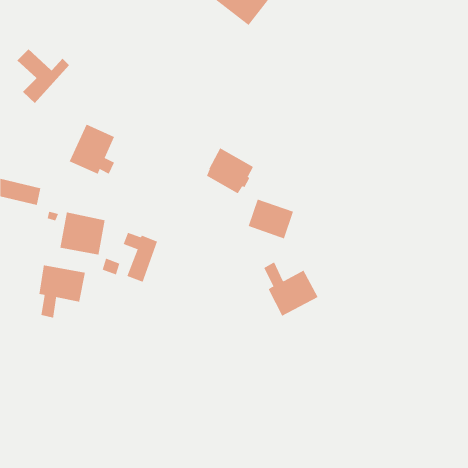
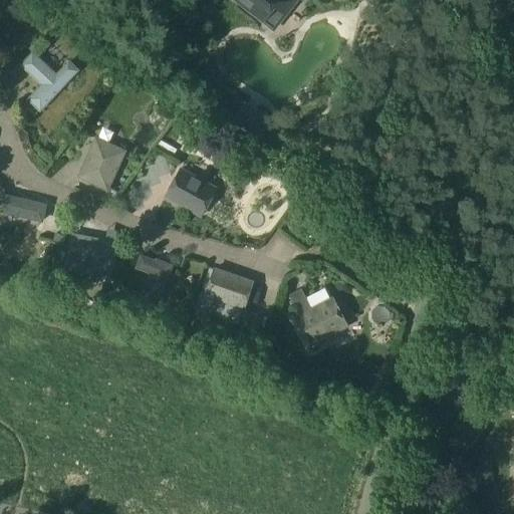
building: [206,147,254,194] -> [165,166,217,217]
building: [248,199,294,239] -> [203,266,253,310]
building: [39,264,85,319] -> none

